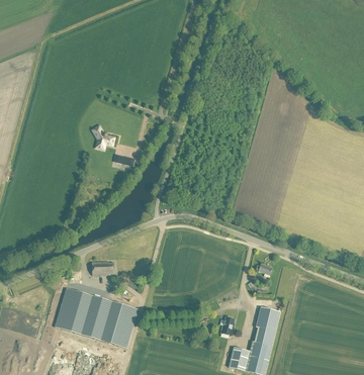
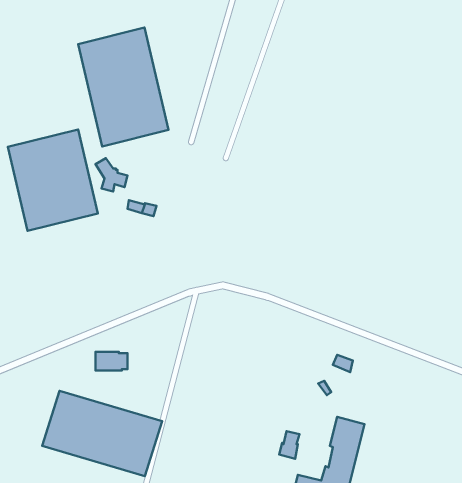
building: none -> [78,27,169,147]
building: none -> [8,129,98,231]

